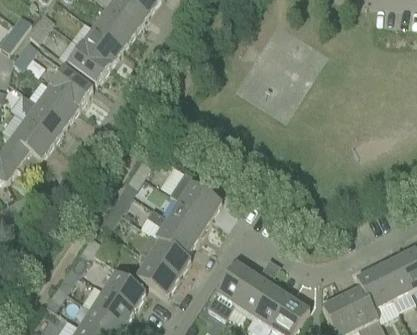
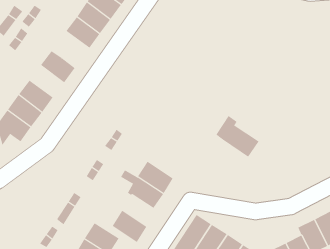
building: [68,44,110,83] -> none
building: [38,84,80,123] -> none
building: [170,169,222,219] -> [216,115,260,157]
building: [148,238,191,276] -> none

